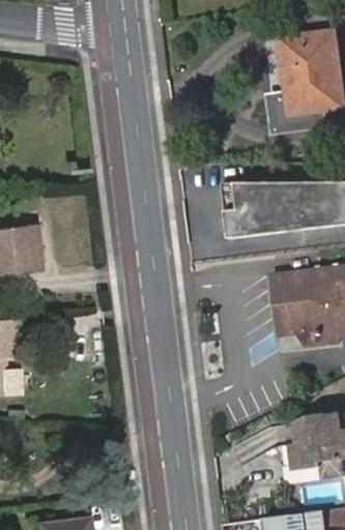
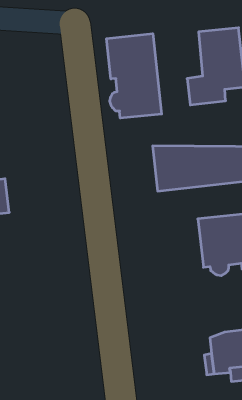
building: none -> [107,34,162,118]

